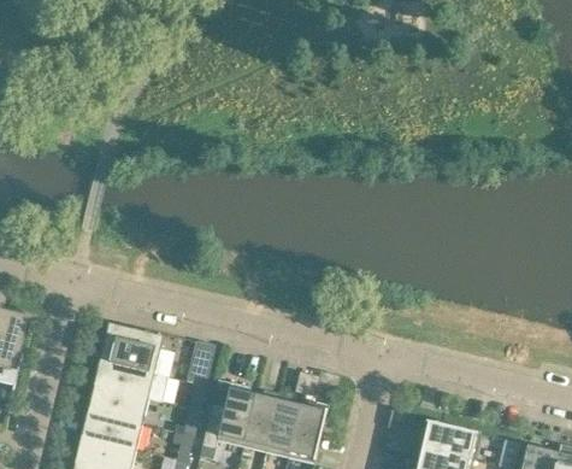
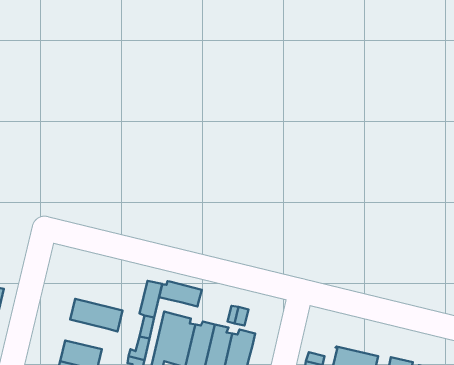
building: [108,338,159,375] -> none
building: none -> [159,281,202,306]
building: [96,389,147,426] -> none

